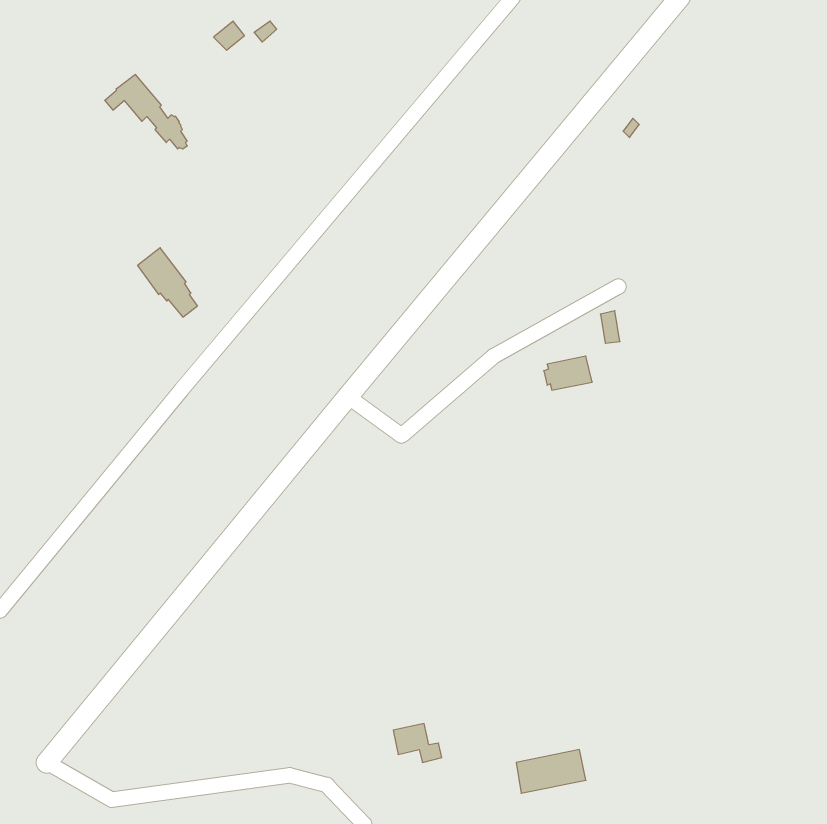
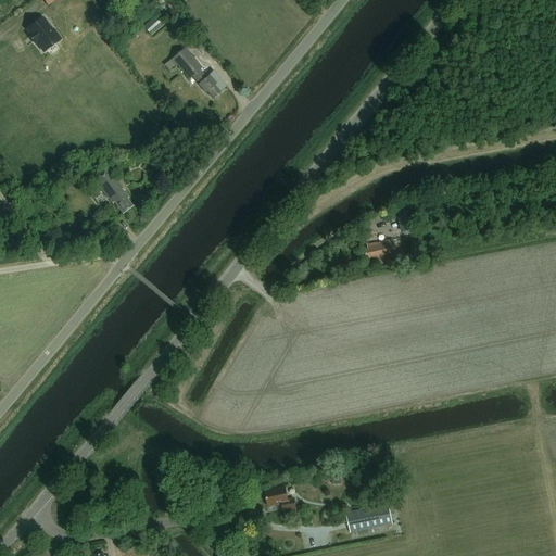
building: none -> [25,15,62,52]
building: [105,75,187,149] -> [164,47,219,97]

